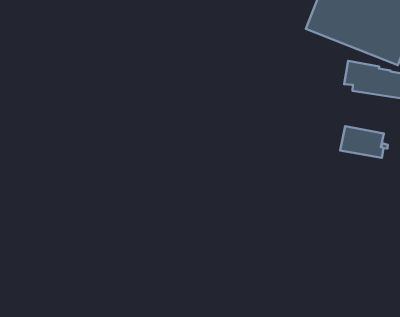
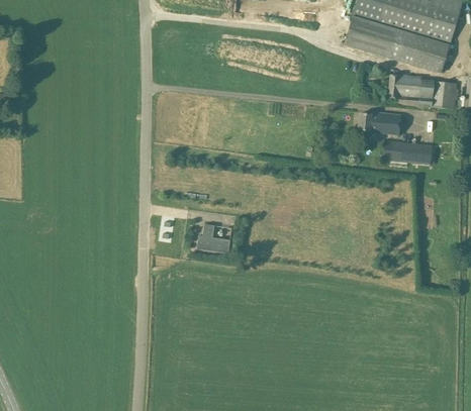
building: none -> [358,110,402,134]
building: none -> [197,222,230,251]

